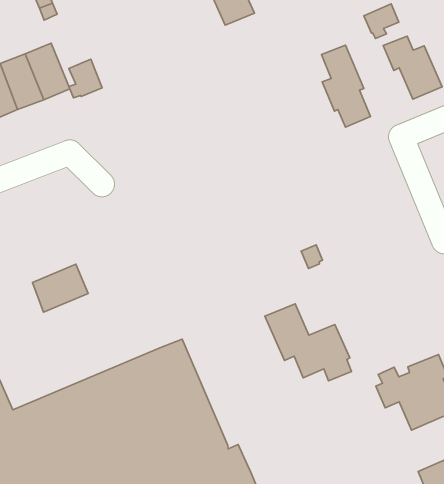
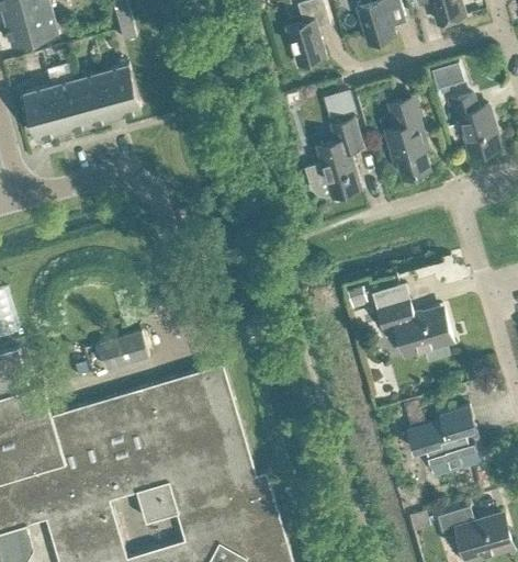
building: none -> [323,89,356,119]
building: [69,59,102,98] -> none
building: none -> [304,117,362,198]
building: [32,264,88,312] -> [99,328,151,371]
building: [265,304,351,381] -> [372,284,450,362]

